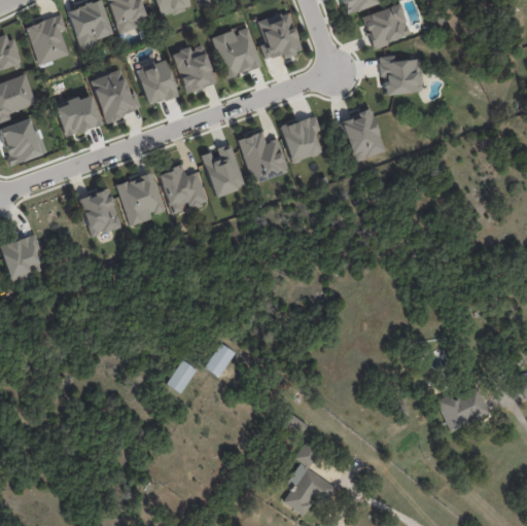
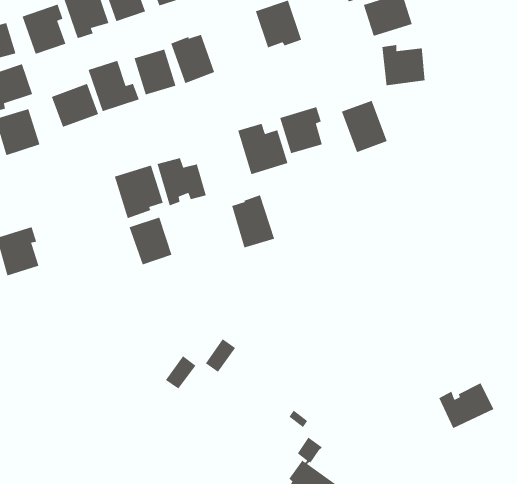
building: [212,26,261,78] -> none
building: [202,143,245,197] -> [231,194,275,248]
building: [78,188,121,237] -> [129,216,173,266]

